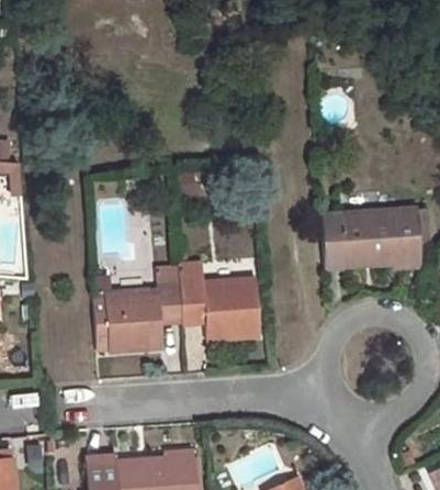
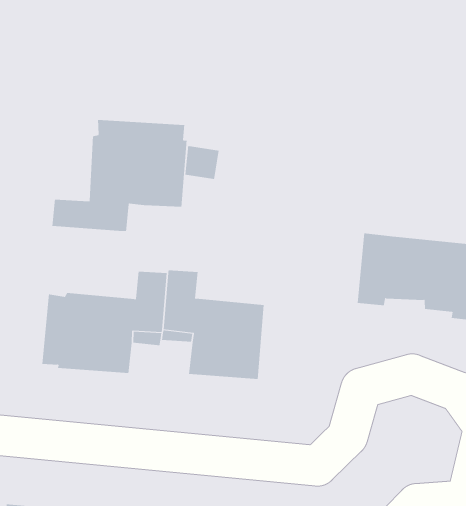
building: none -> [52,119,187,232]

